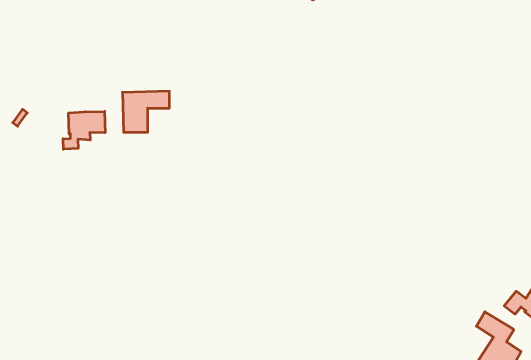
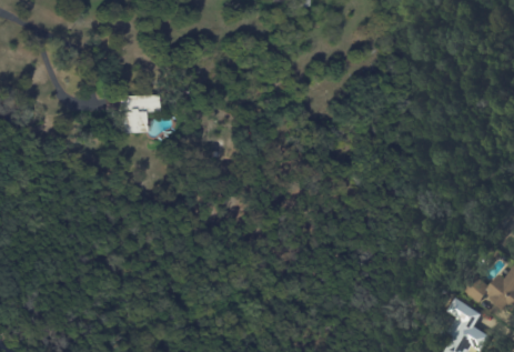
building: [63,111,105,149] -> none

